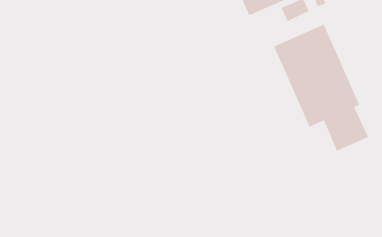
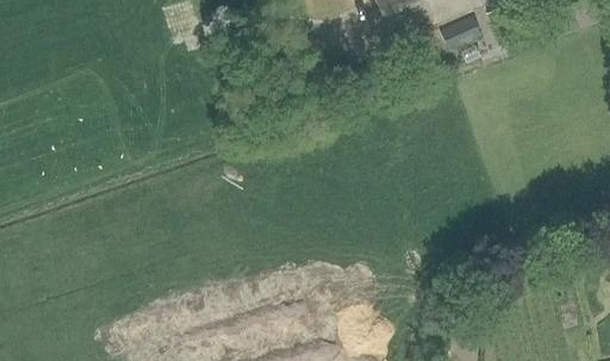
building: [273,24,369,152] -> none

